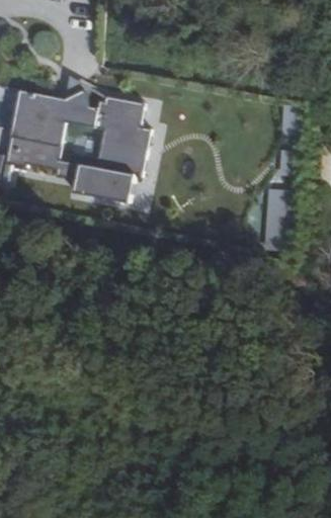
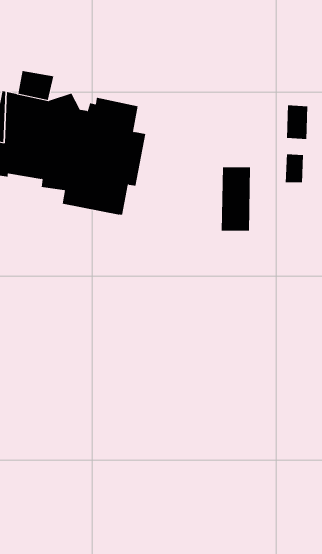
building: [265,188,293,247] -> [221,167,251,231]

